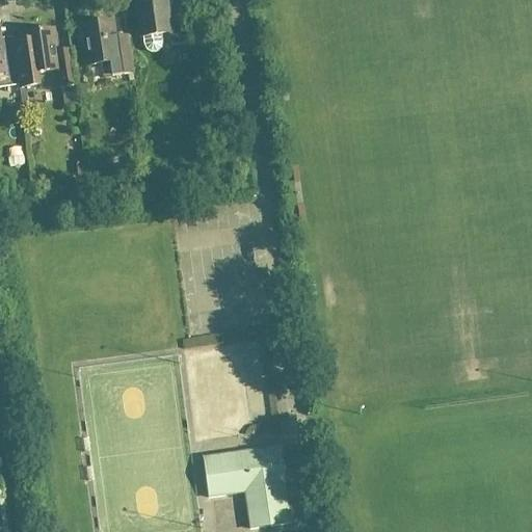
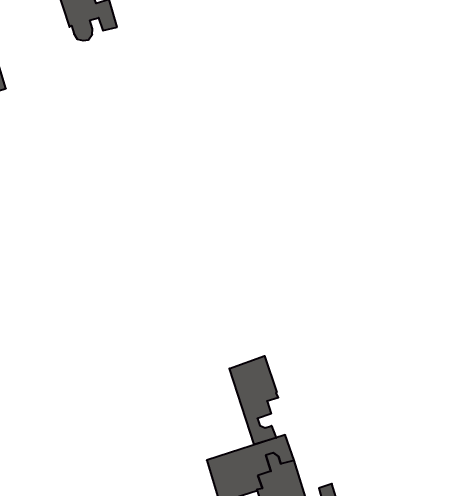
building: [83,19,132,75] -> none
building: none -> [229,356,278,445]

